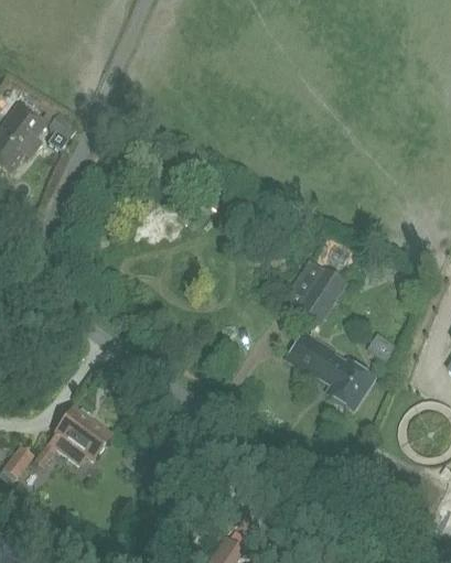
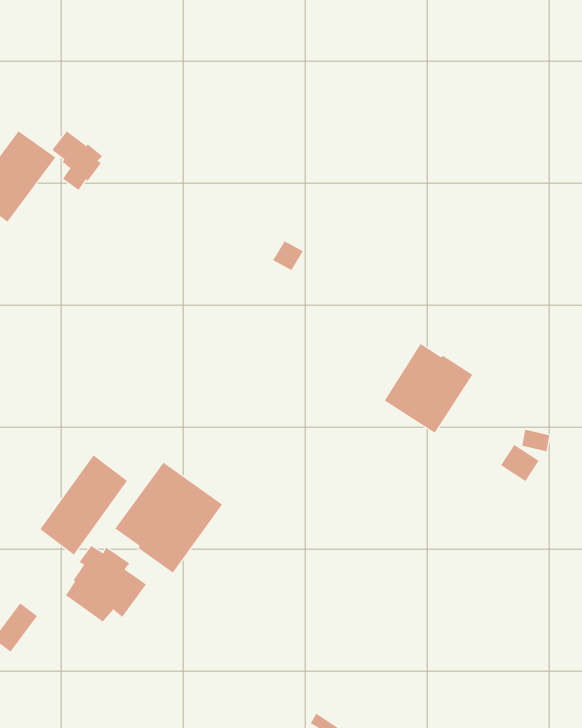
building: [284,328,375,408] -> none
building: none -> [39,455,128,555]
building: none -> [115,462,223,573]

